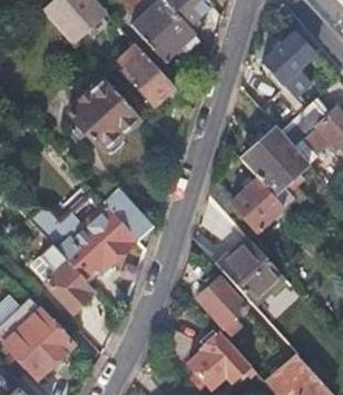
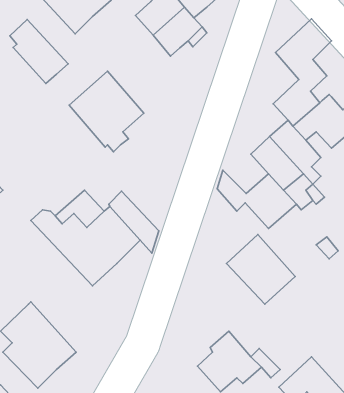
building: [117,43,173,105] -> [10,20,68,84]
building: [11,211,96,312] -> none
building: [197,275,246,332] -> none

